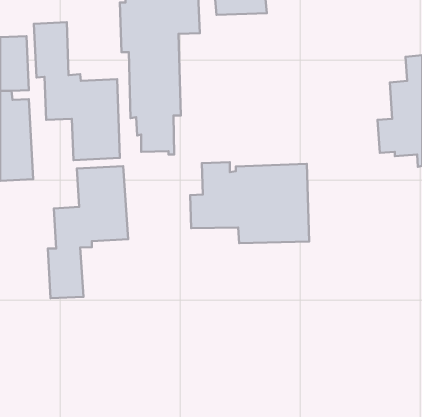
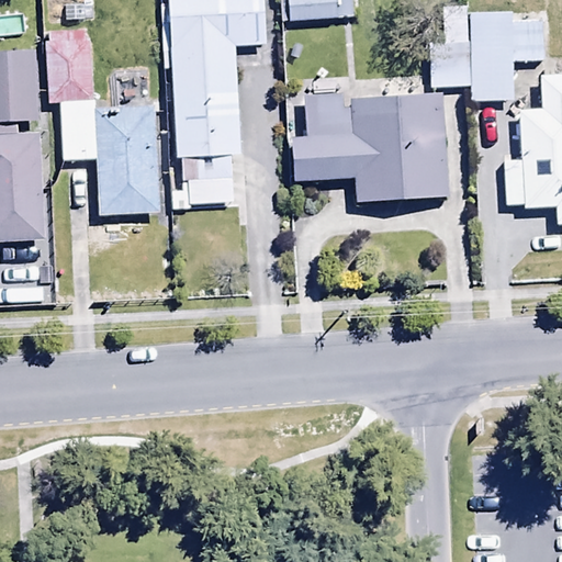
building: none -> [429,10,546,101]
building: [190,162,309,243] -> [290,92,448,200]
building: [48,166,128,298] -> none

